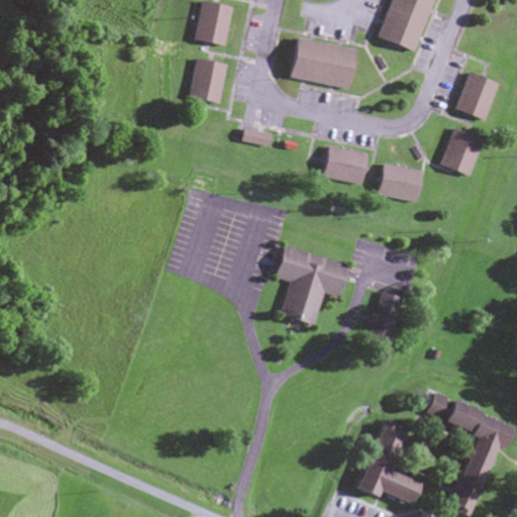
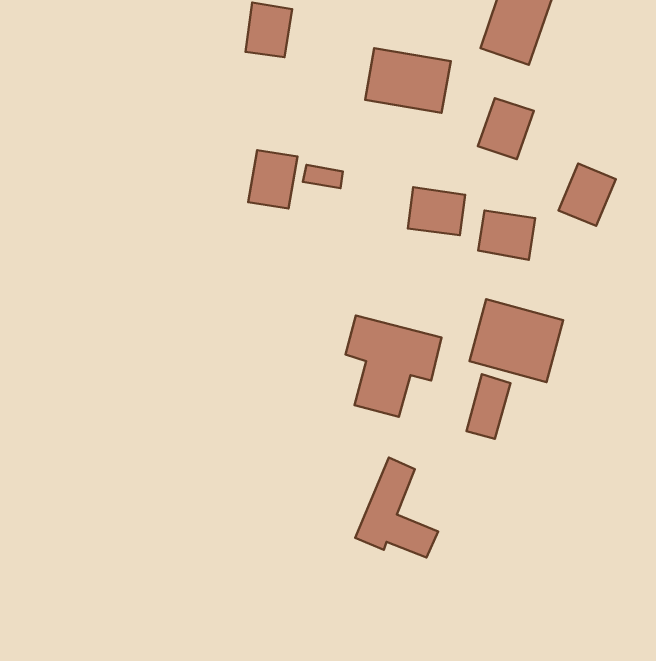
building: [191,58,229,103] -> [248,150,298,209]
building: [456,72,500,119] -> [478,98,534,159]
building: none -> [469,299,563,382]
building: [428,390,512,509] -> none
building: [356,424,421,502] -> [355,457,438,557]

